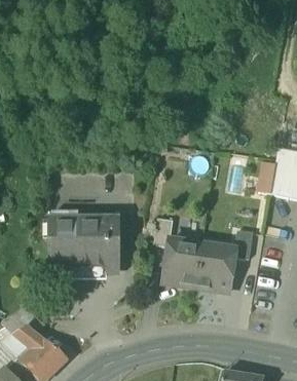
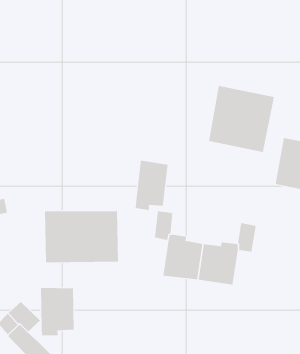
building: none -> [208,85,275,153]
building: none -> [135,160,168,211]
building: none -> [40,287,74,336]

